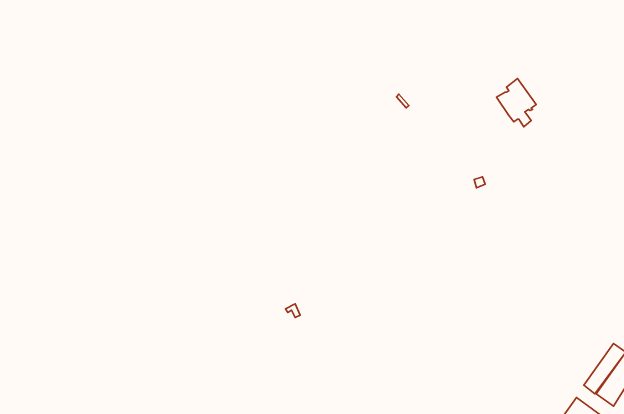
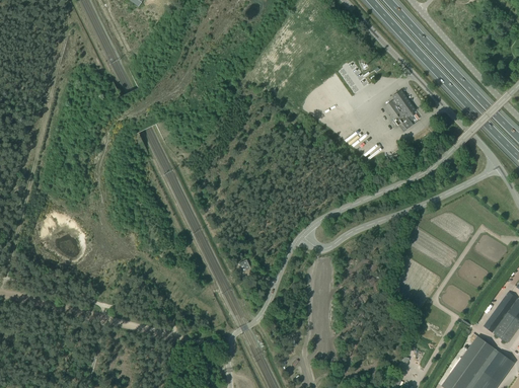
building: [497,79,536,127] -> [384,90,417,130]

